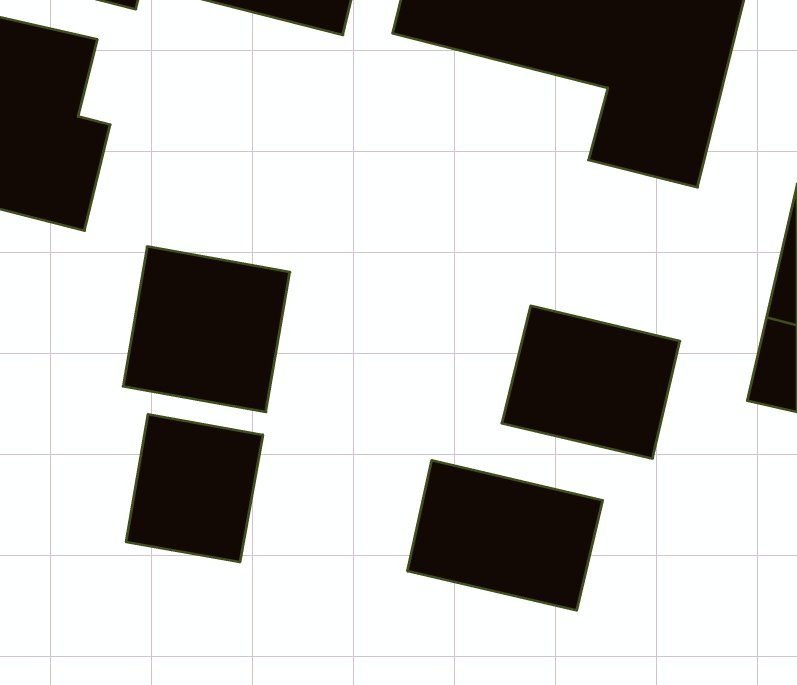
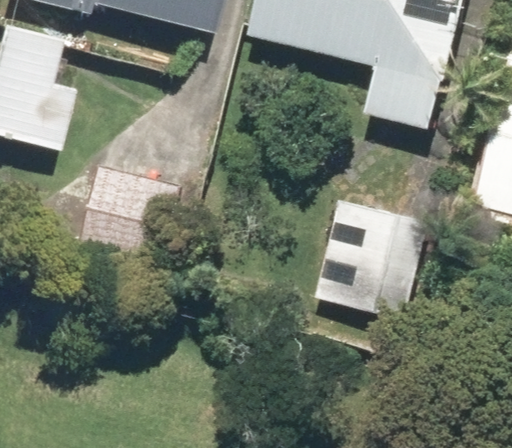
building: [126,414,263,562] -> none
building: [408,460,603,610] -> none

